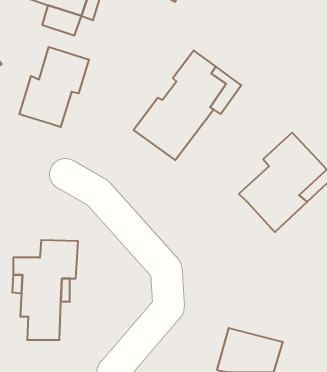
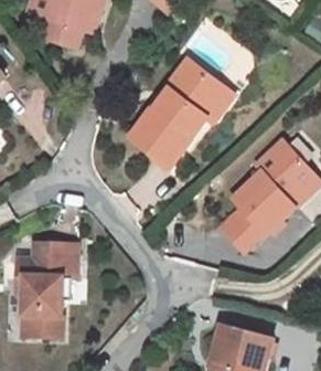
building: [19,47,89,127] -> none
building: none -> [220,205,263,250]

